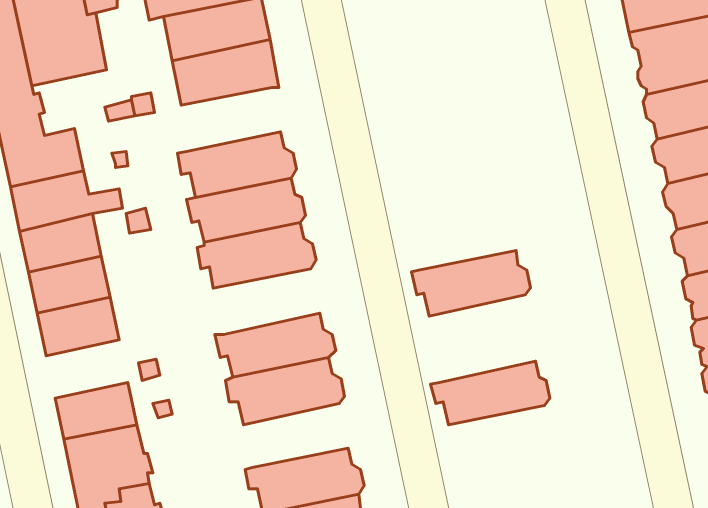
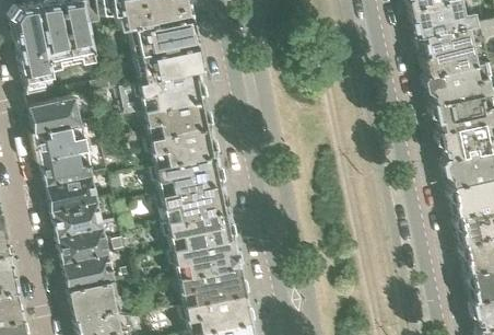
building: none -> [136,71,207,111]
building: [411,251,530,316] -> [156,183,230,223]
building: none -> [58,227,108,263]
building: [431,361,550,425] -> [174,266,247,305]

